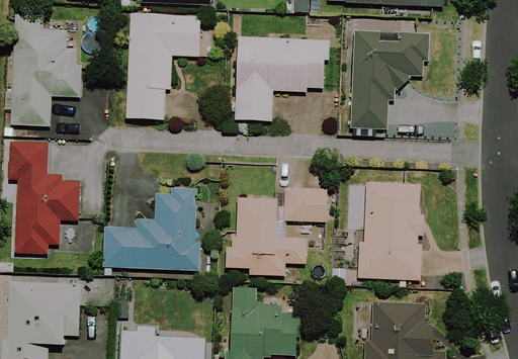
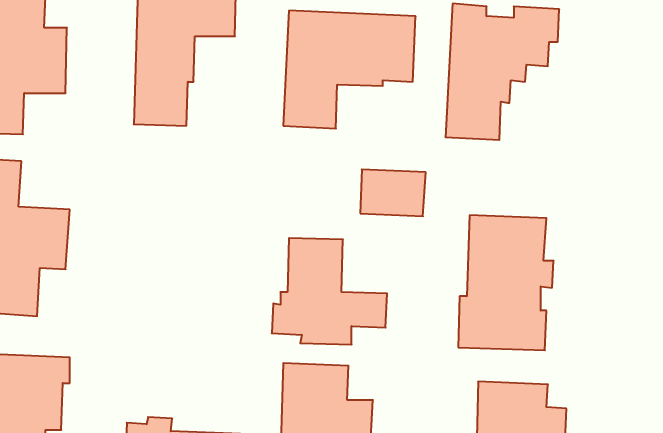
building: [104,187,199,271] -> none
building: [283,188,330,221] -> [360,169,426,216]

